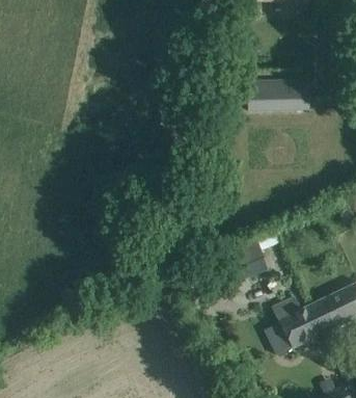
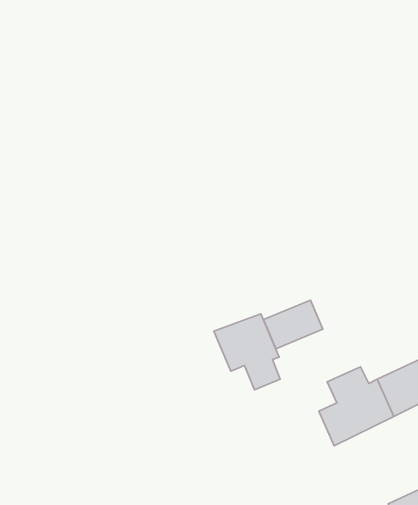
building: [251,86,311,107] -> none
building: none -> [214,314,280,390]

